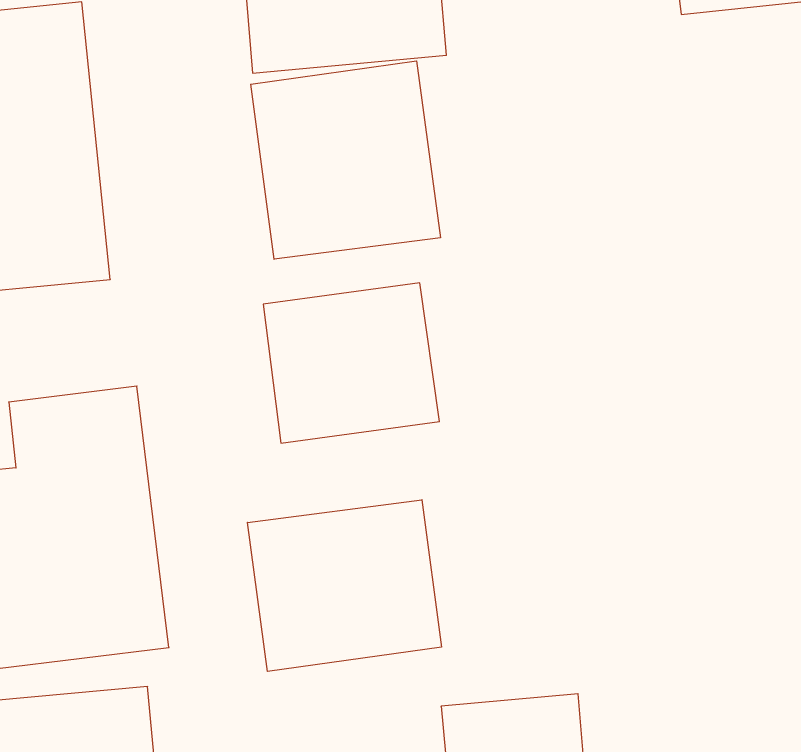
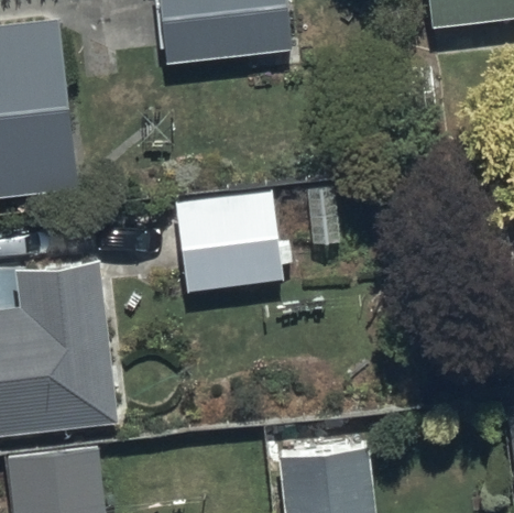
building: [251,61,440,259] -> none
building: [247,500,441,671] -> none

